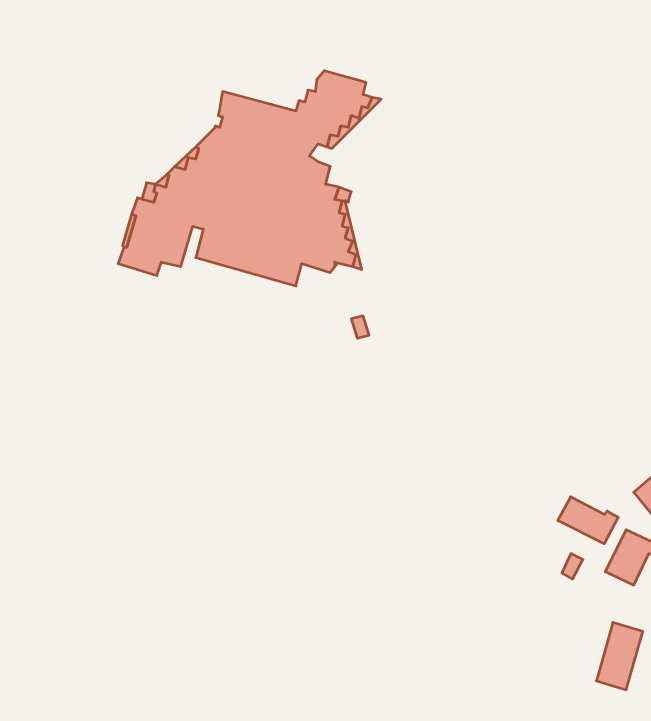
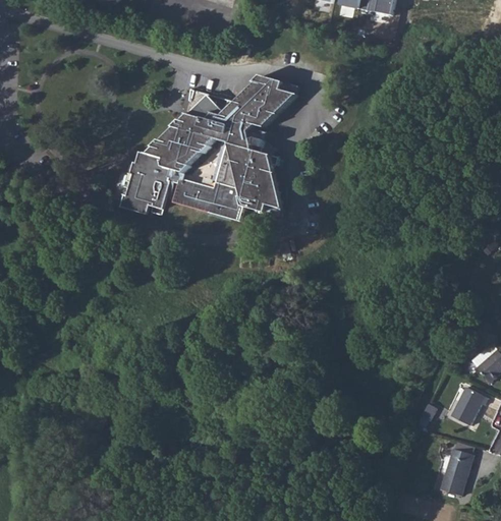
building: [558,497,618,544] -> none

